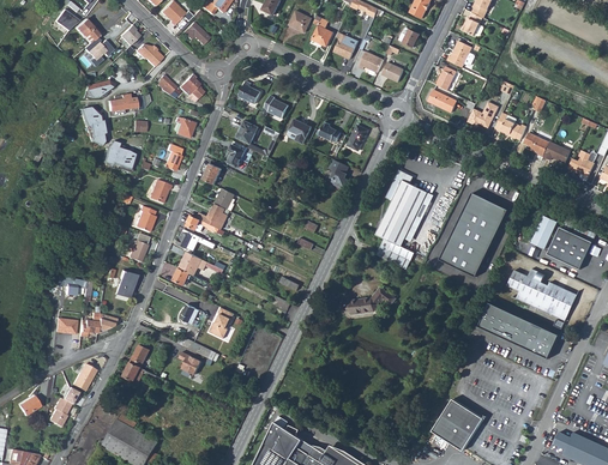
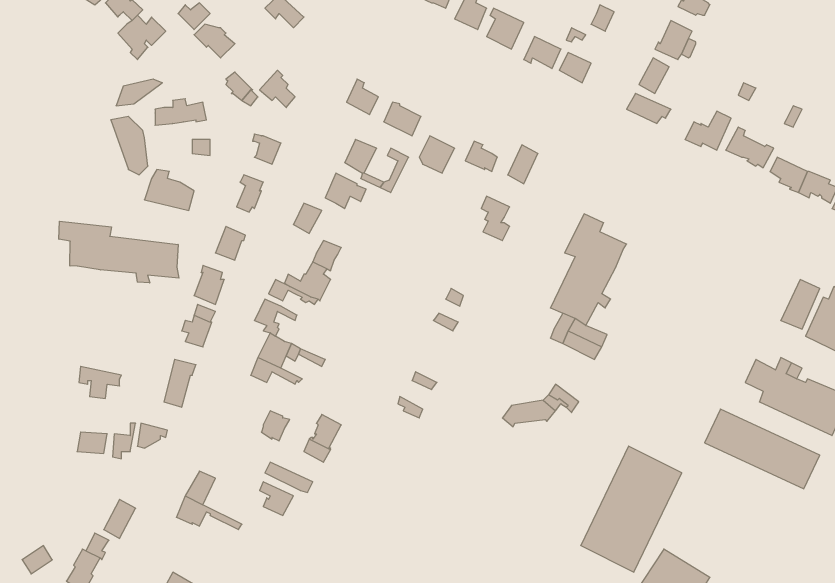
building: none -> [59,221,179,283]
building: [439,193,507,278] -> [581,446,682,572]

